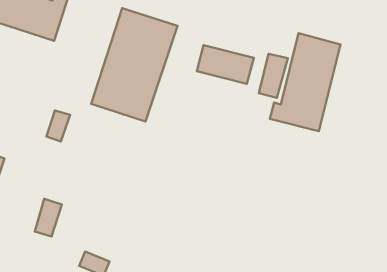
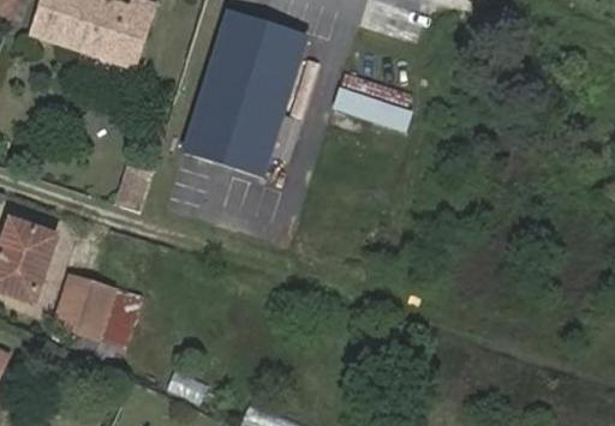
building: [270,33,340,131] -> none
building: [259,54,288,98] -> none
building: none -> [58,276,115,338]

